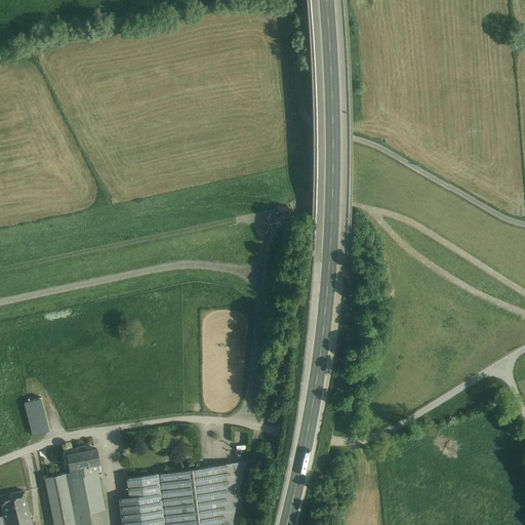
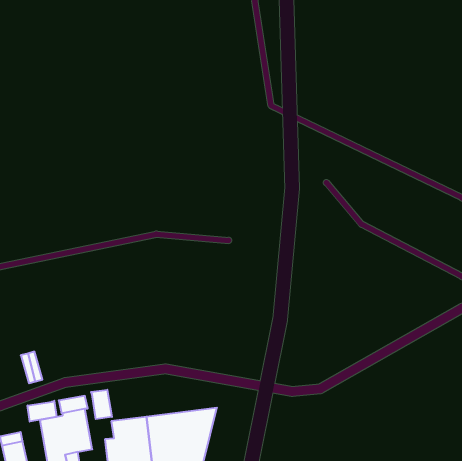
building: none -> [91,390,112,419]
building: none -> [28,401,57,422]

